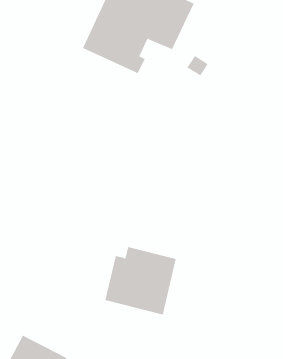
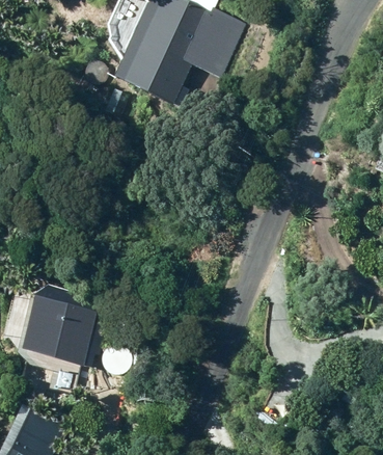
building: [105,247,177,315] -> [21,284,106,365]

